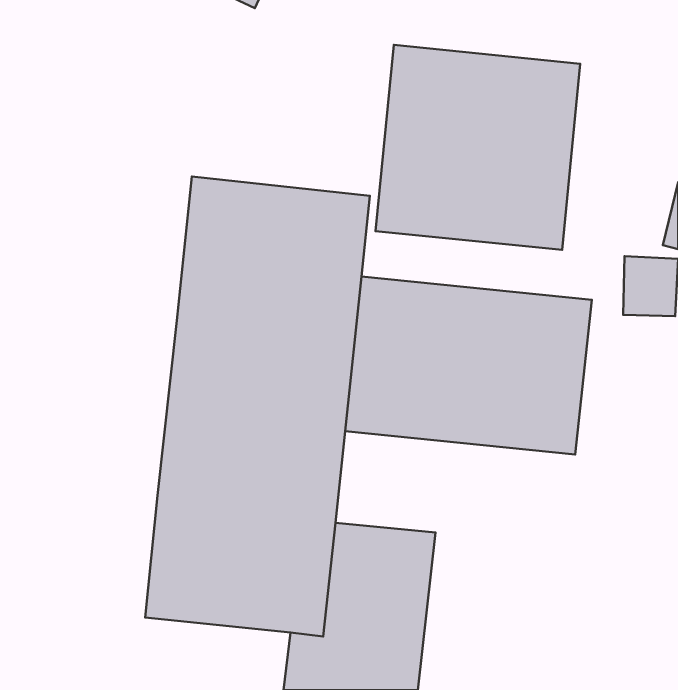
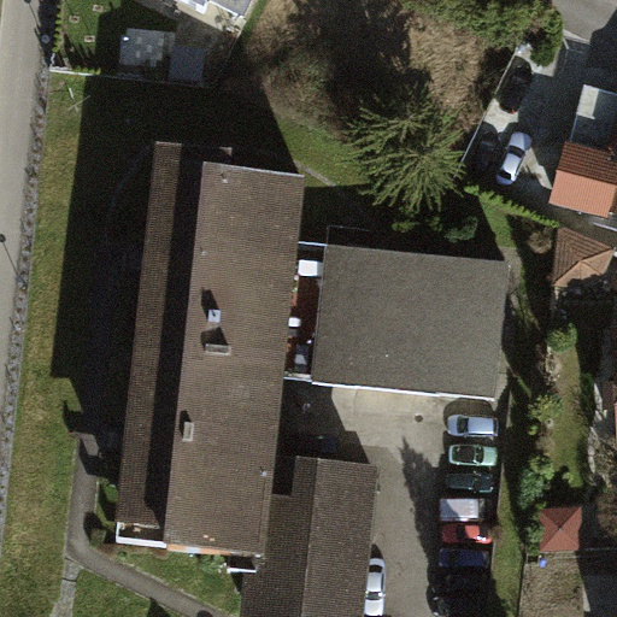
building: [376,45,580,250] -> none

